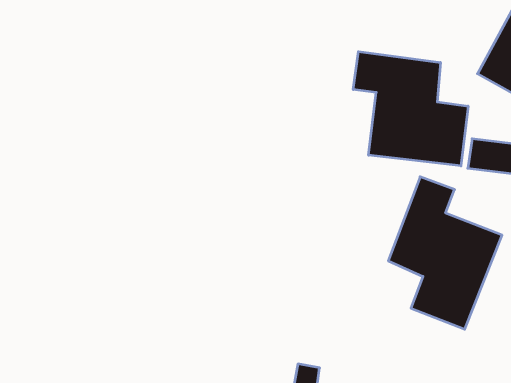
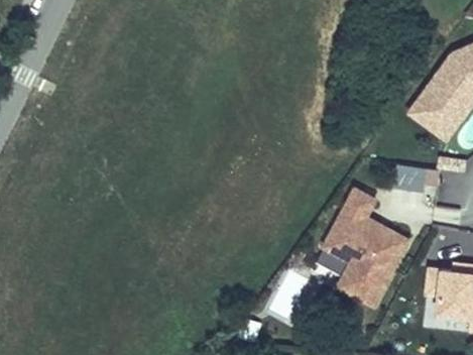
building: [353,52,468,166] -> none

